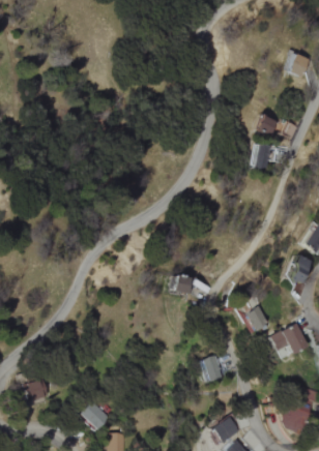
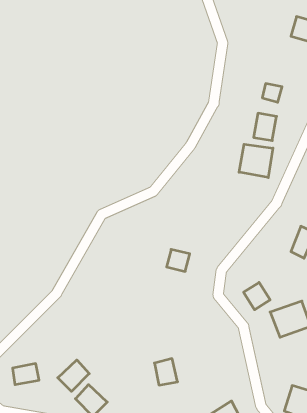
building: none -> [239,144,273,178]
building: [205,358,227,383] -> [154,359,178,385]
building: none -> [58,360,89,391]

